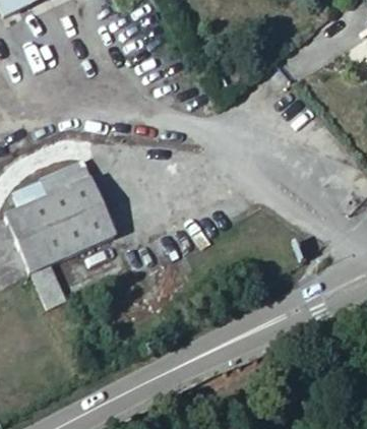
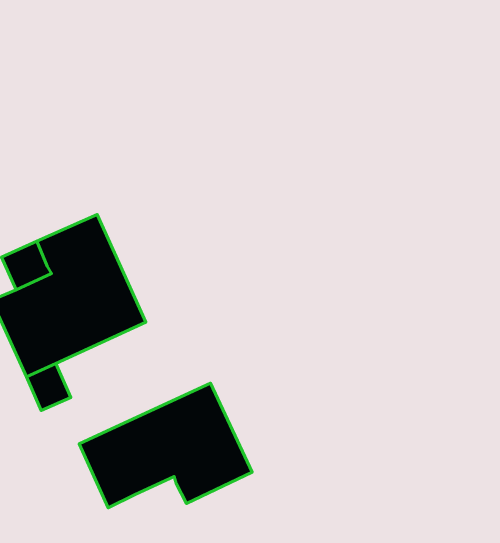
building: none -> [79,383,252,508]

